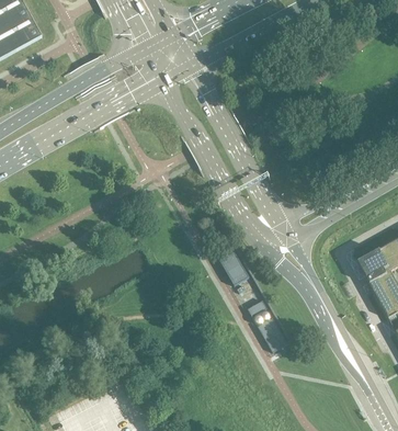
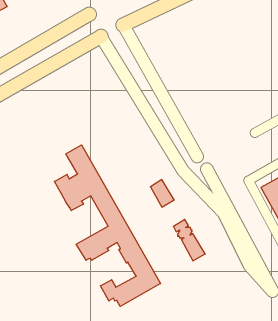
building: none -> [54,145,161,306]

